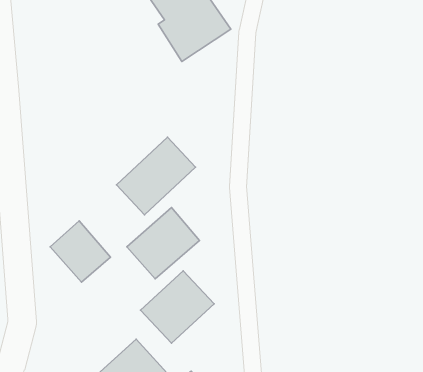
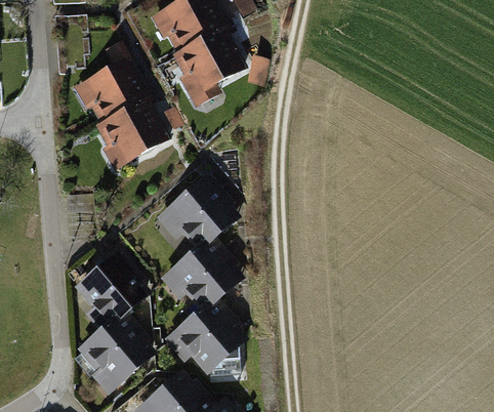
building: none -> [82,58,175,172]
building: none -> [71,323,139,392]

